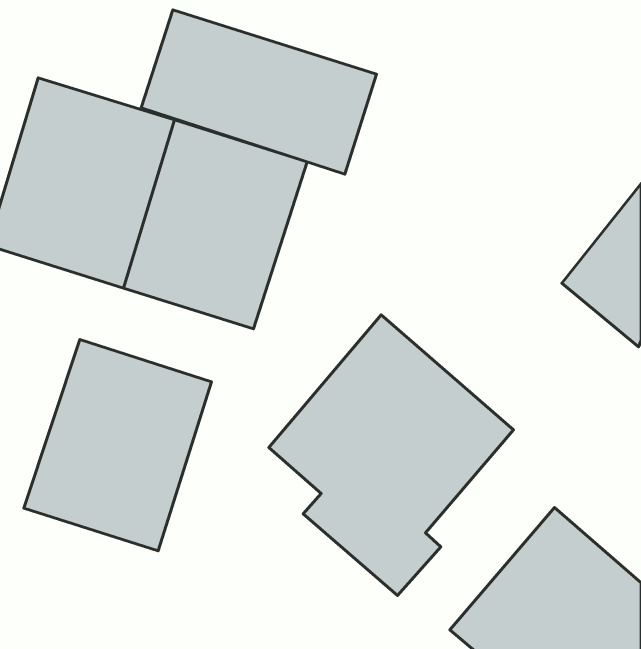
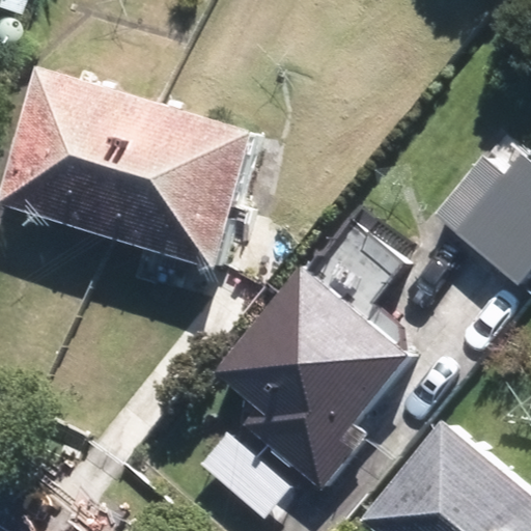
building: [141,10,377,174] -> none
building: [24,340,211,551] -> none

